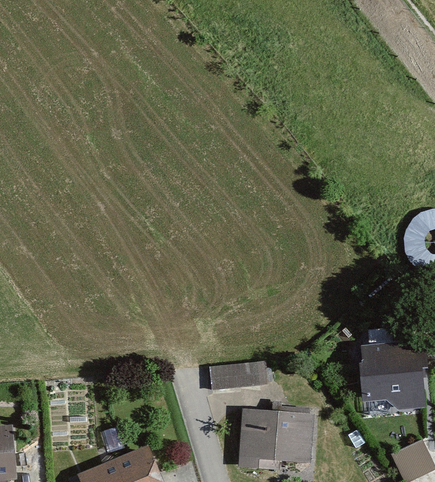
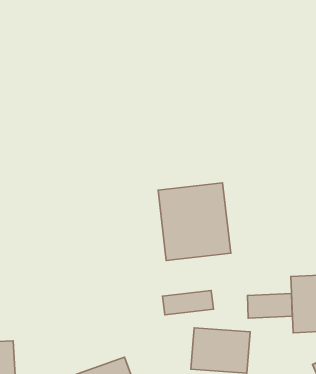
building: none -> [158,183,231,260]
building: none -> [248,293,292,318]

